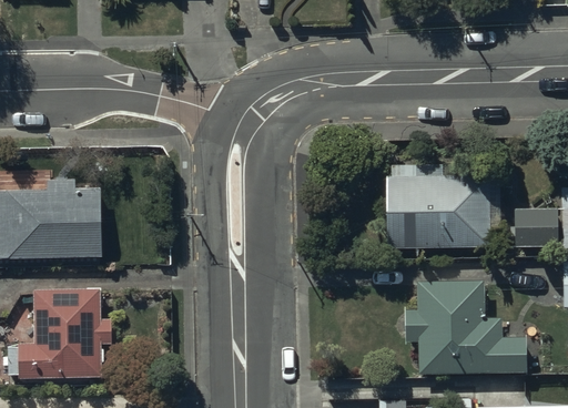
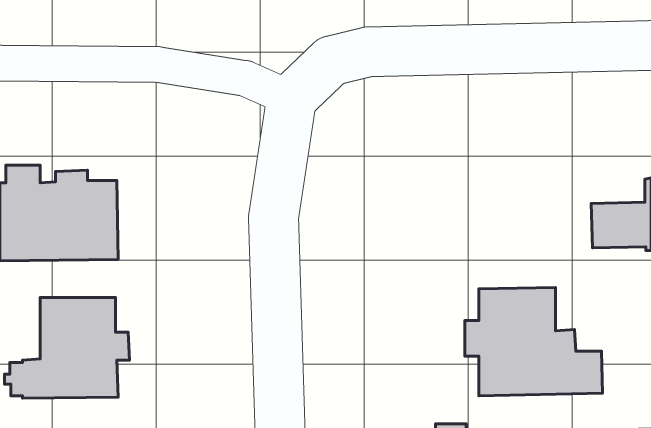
building: [386,164,499,249] -> none

